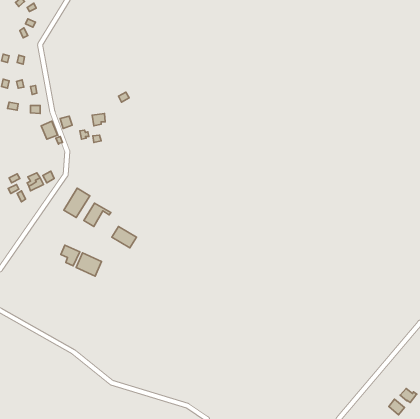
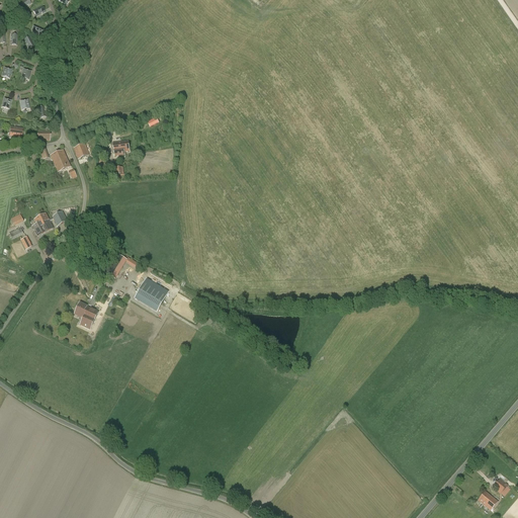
building: [64,188,90,218] -> none
building: [76,253,102,276] -> none

